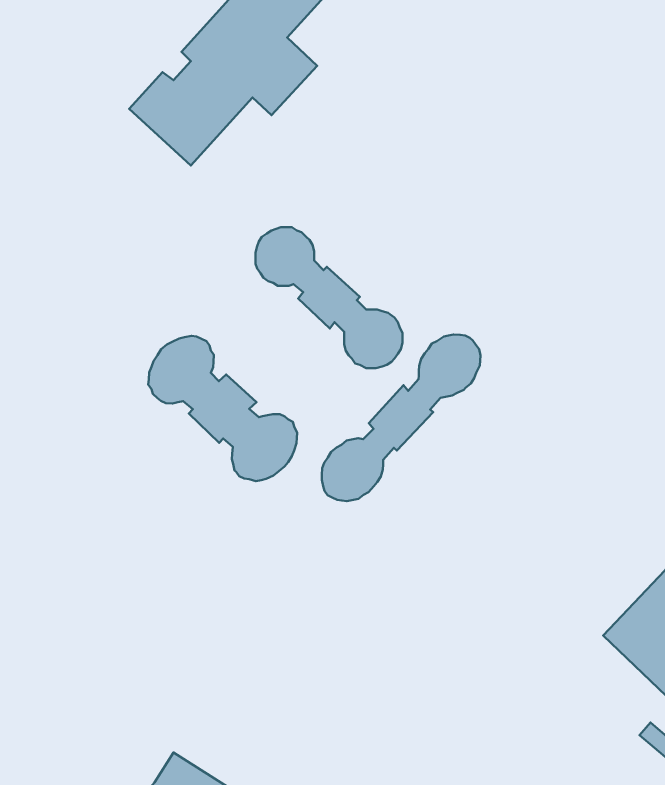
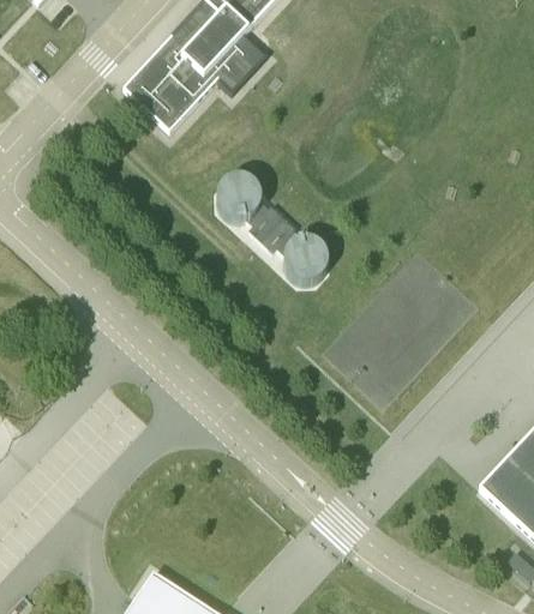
building: [322,335,480,501] -> none
building: [148,336,297,481] -> none

